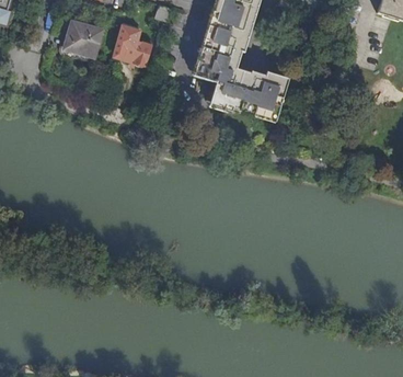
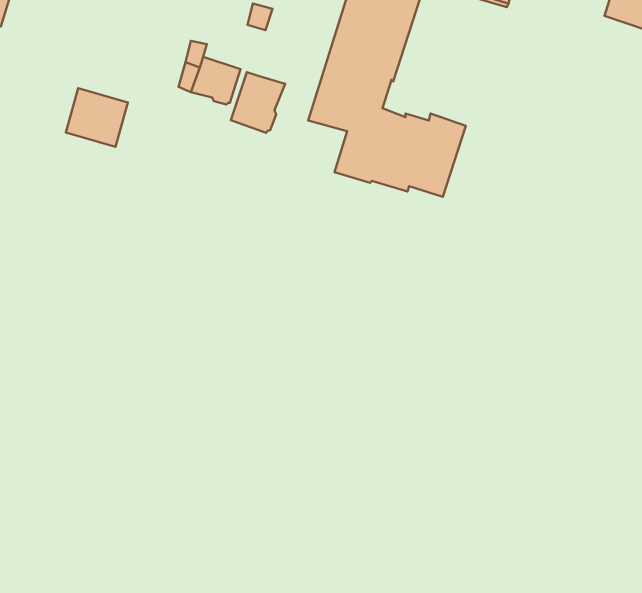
building: [65,21,103,57] -> [66,88,128,147]
building: none -> [231,72,285,133]

